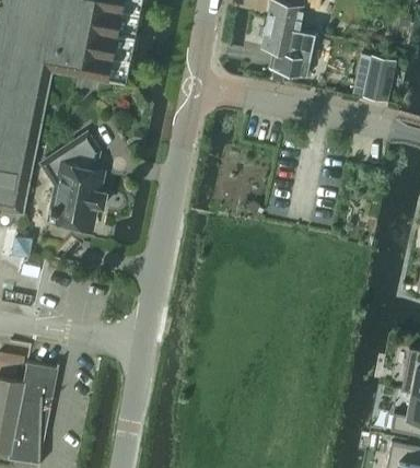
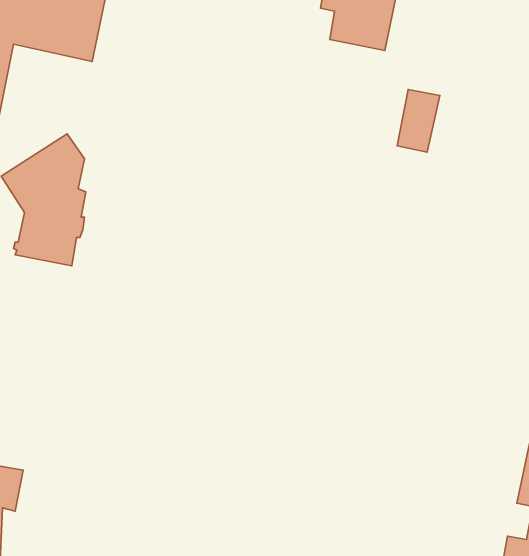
building: [365,55,395,98] -> [397,89,440,152]

